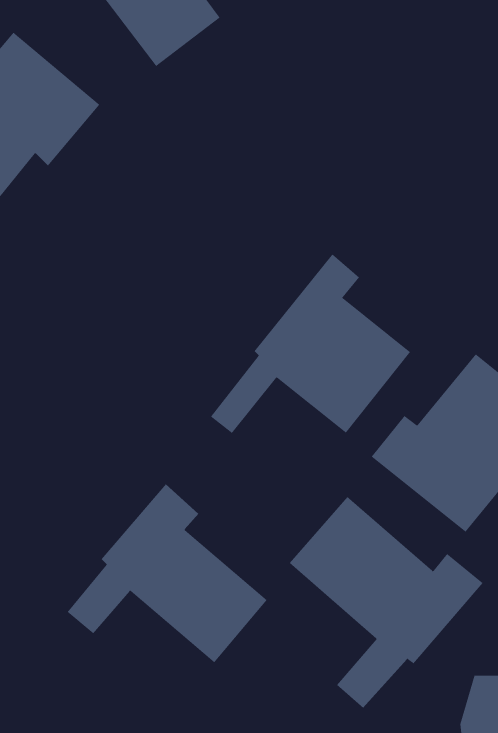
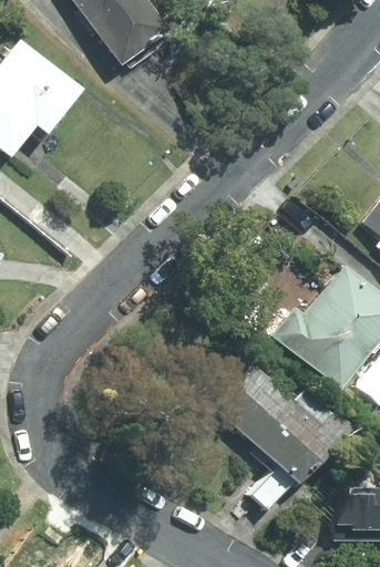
building: [210,254,411,434] -> none
building: [67,484,268,663] -> none

